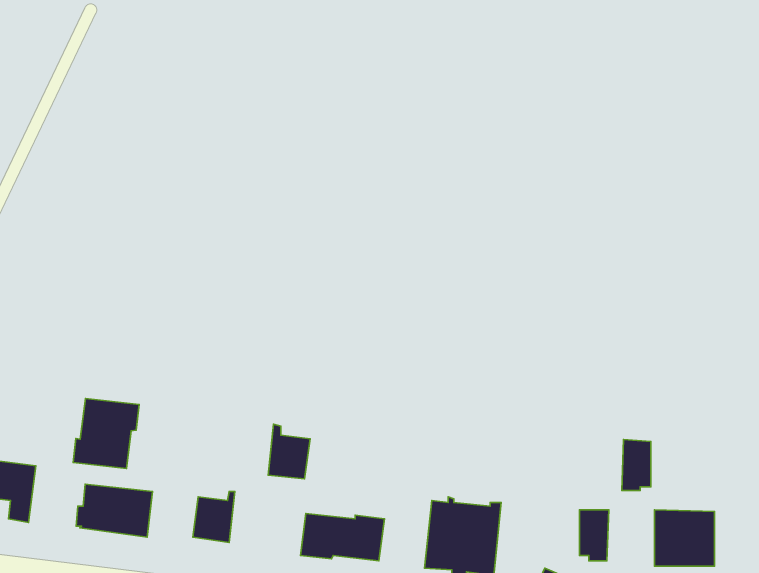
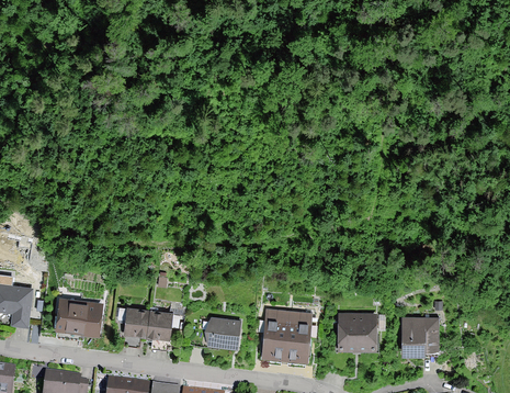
building: [73,399,139,469] -> none
building: [268,424,310,479] -> [147,304,172,337]
building: [622,440,651,491] -> [340,314,358,345]

